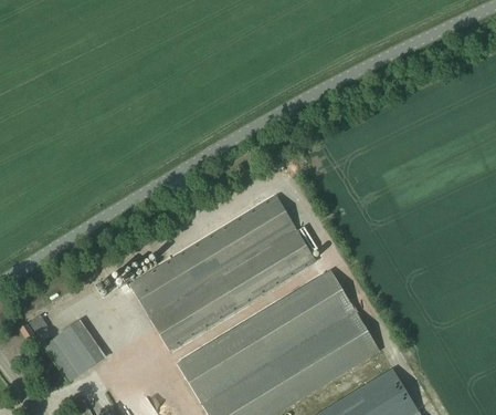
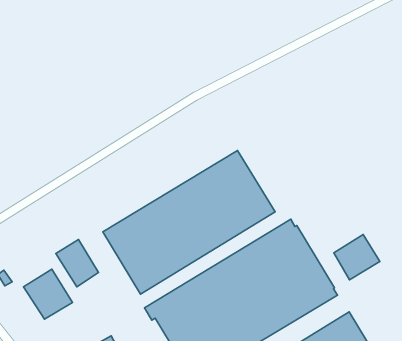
building: none -> [334,234,380,280]
building: none -> [56,240,98,287]

